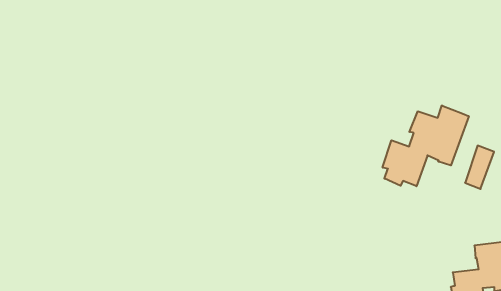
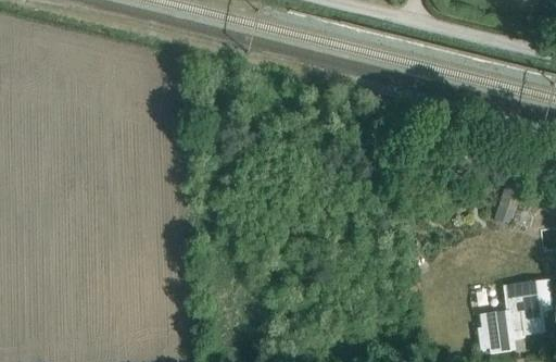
building: [383,105,469,186] -> none

